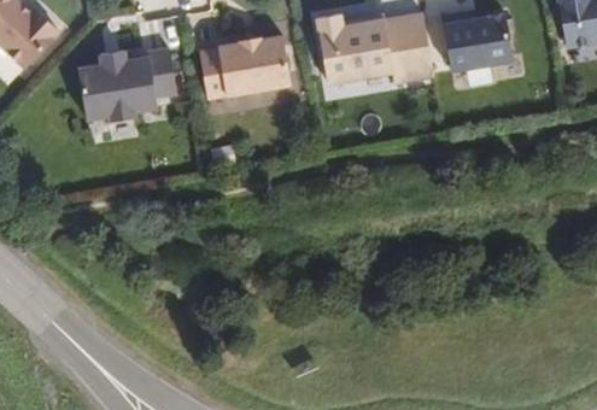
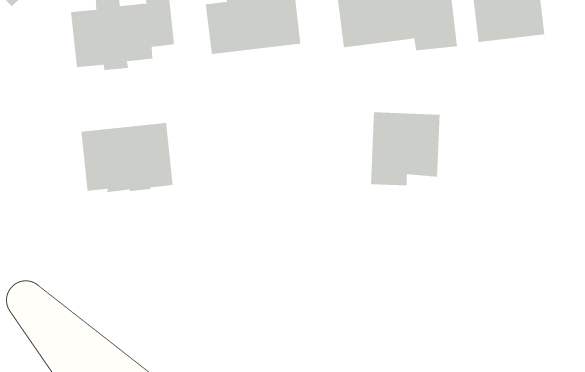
building: none -> [371,111,440,186]
building: none -> [81,122,173,193]

